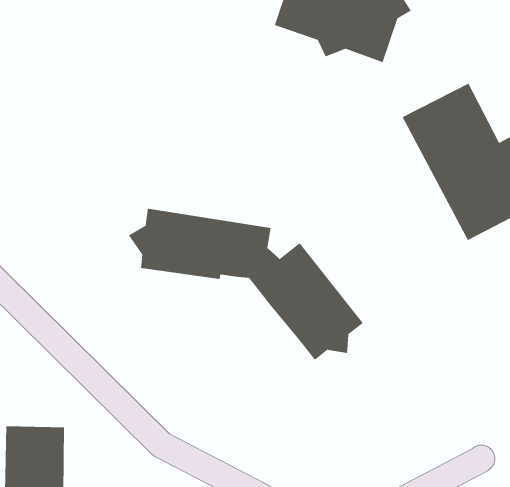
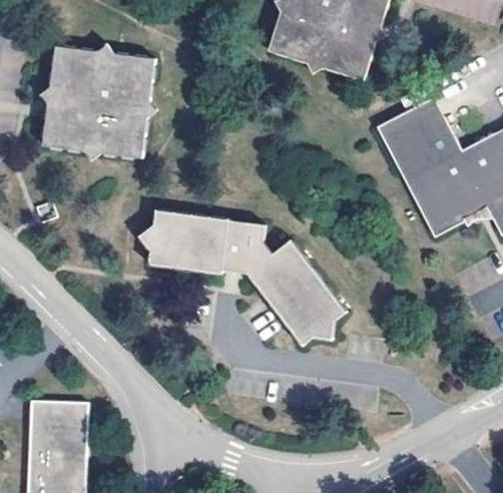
building: none -> [38,41,156,159]

